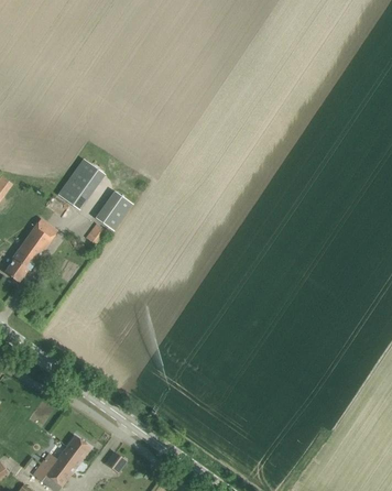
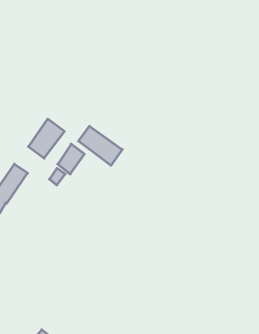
building: none -> [79,126,122,165]

